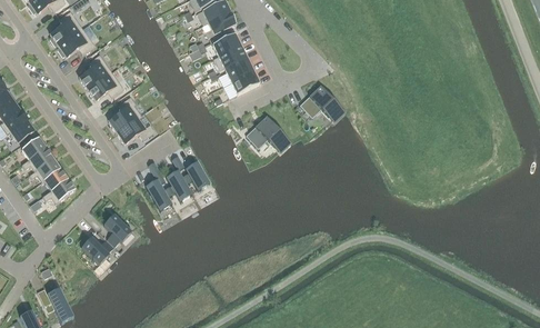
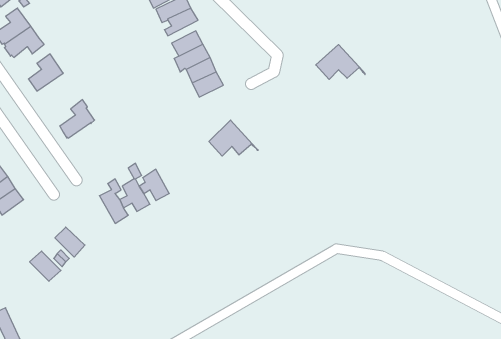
building: [87,71,122,100] -> none
building: [299,85,344,117] -> [316,45,365,79]
building: [116,117,153,143] -> none

